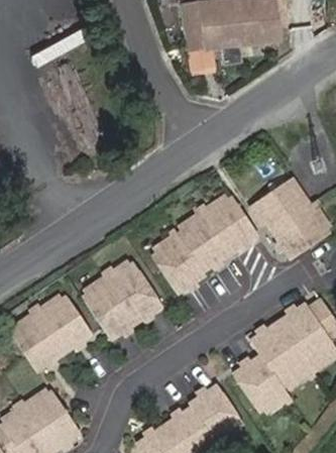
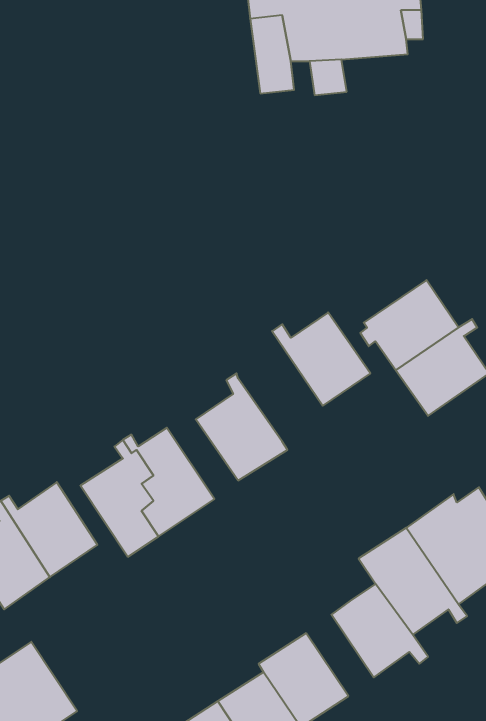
building: [177,206,227,271] -> none

